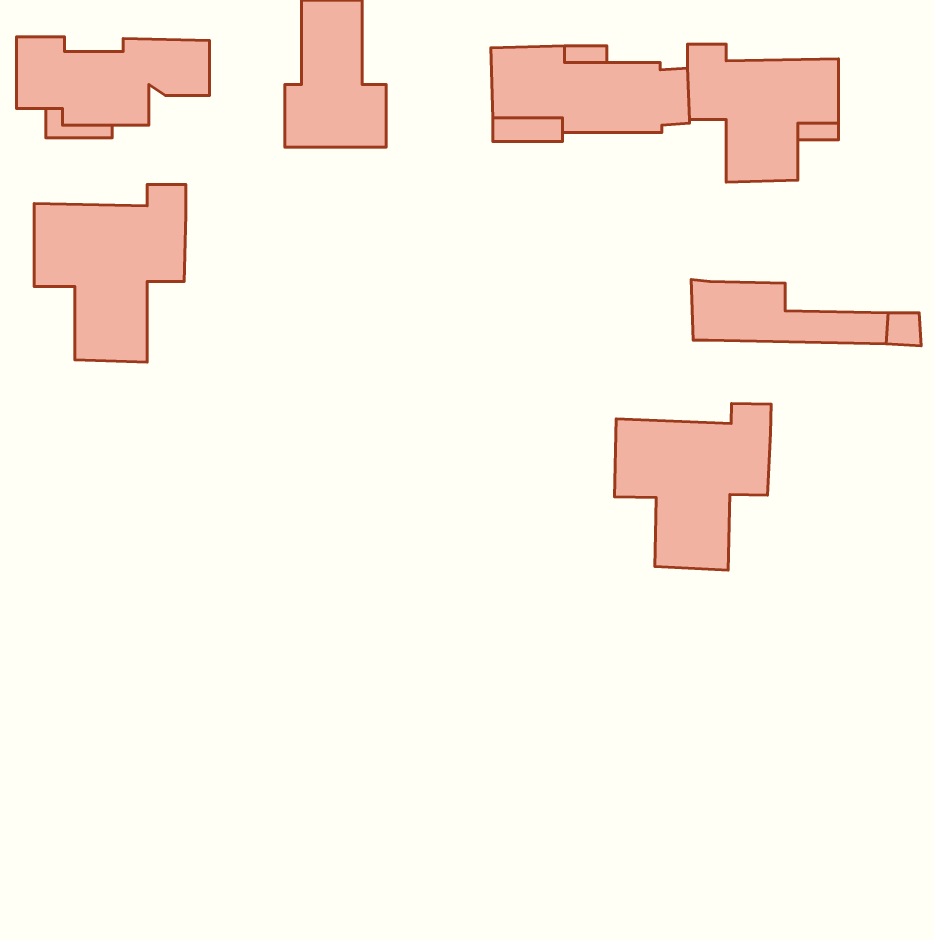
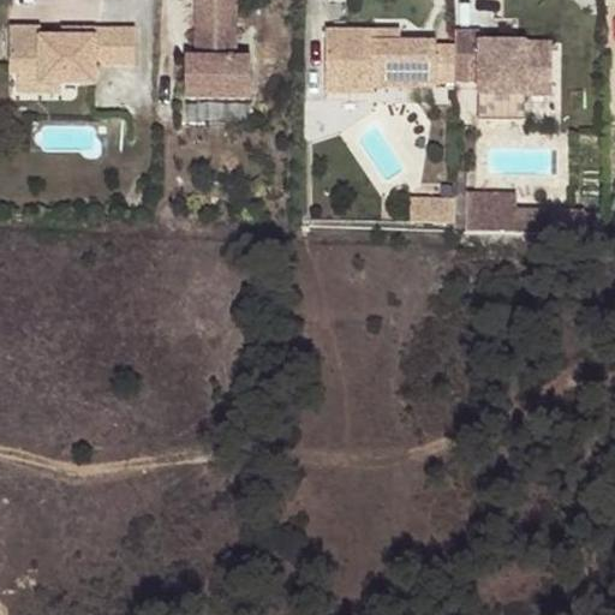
building: [34,185,186,362] -> none
building: [615,403,771,570] -> none

